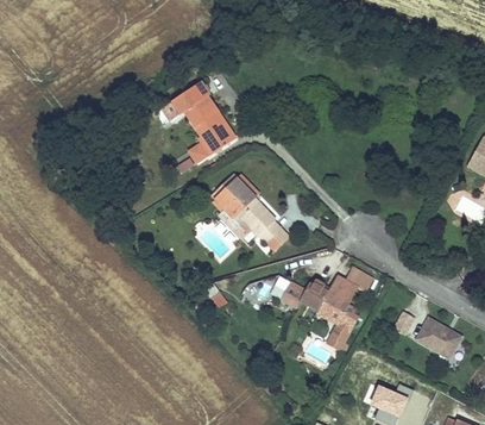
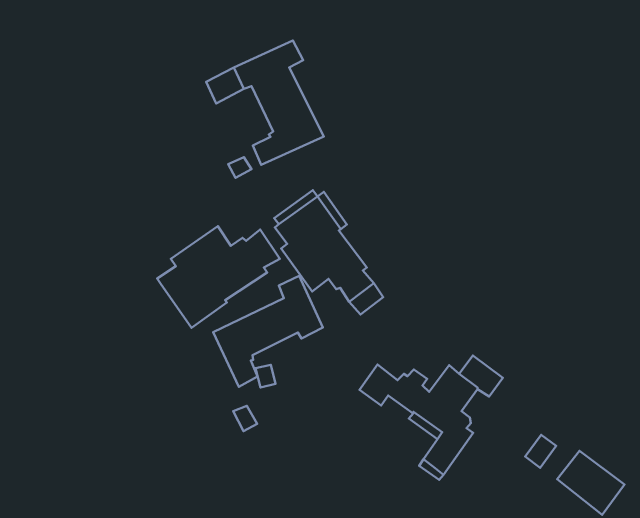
building: none -> [157,226,280,328]
building: none -> [213,276,323,387]

